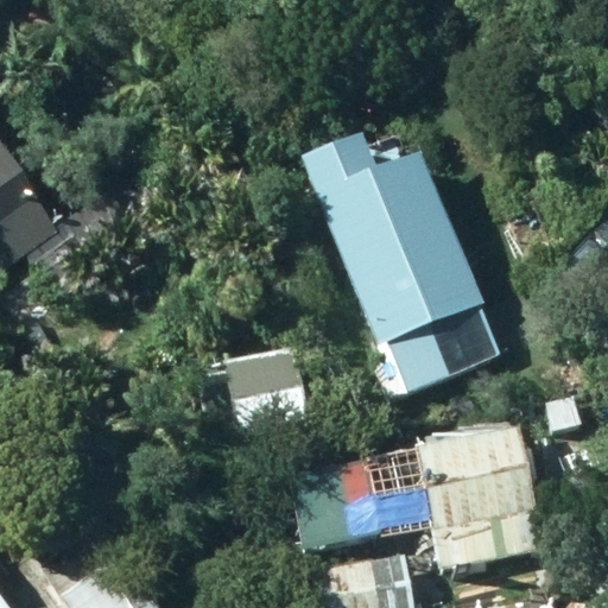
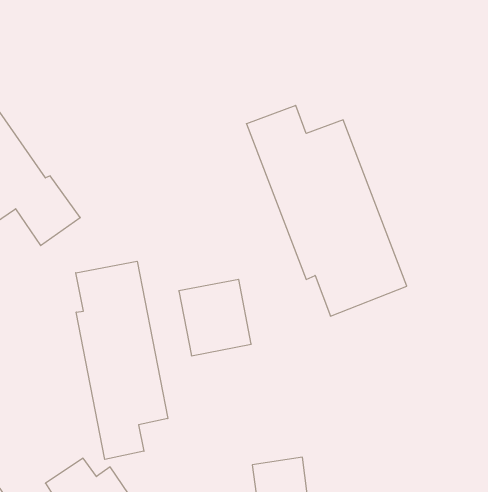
building: none -> [76,261,168,459]
building: [414,425,543,569] -> none

